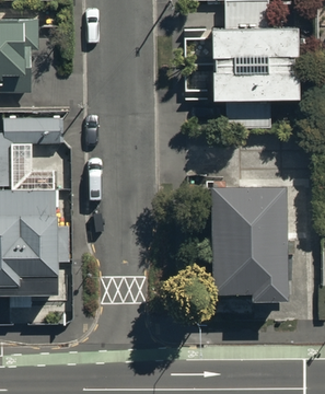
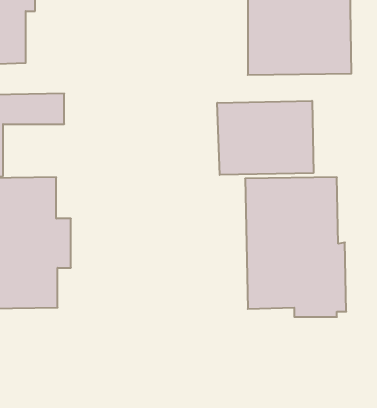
building: none -> [217,101,313,175]

